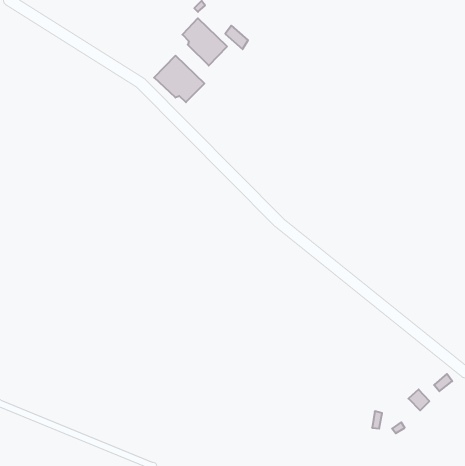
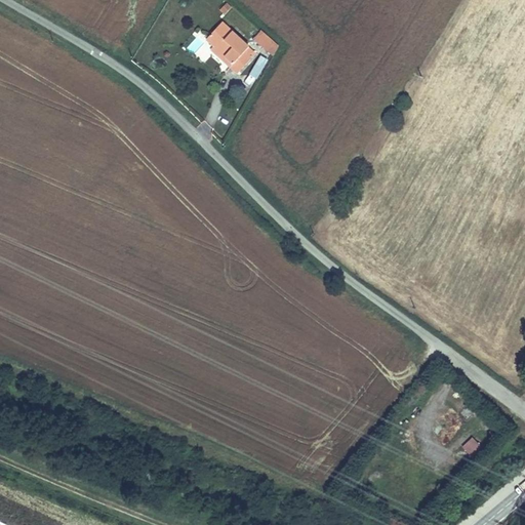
building: [154,56,204,102] -> none

